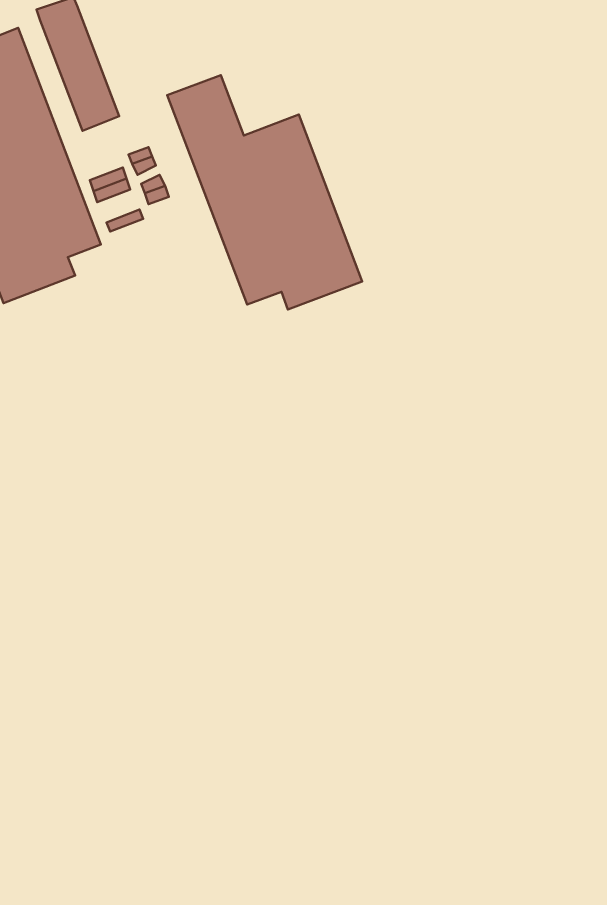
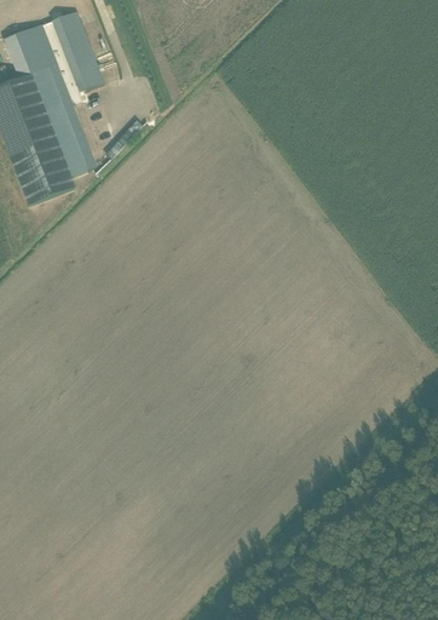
building: [167,75,362,310] -> none

